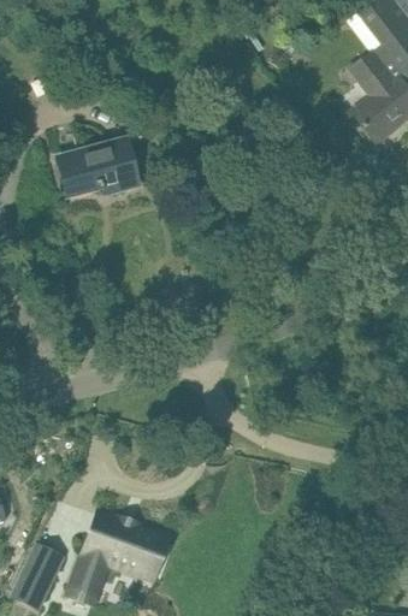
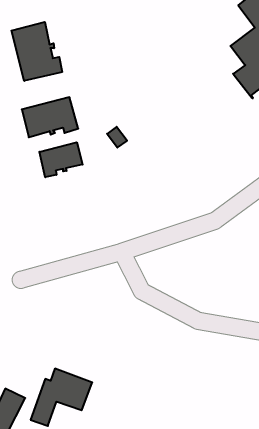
building: none -> [11,22,62,81]
building: none -> [39,142,83,177]

